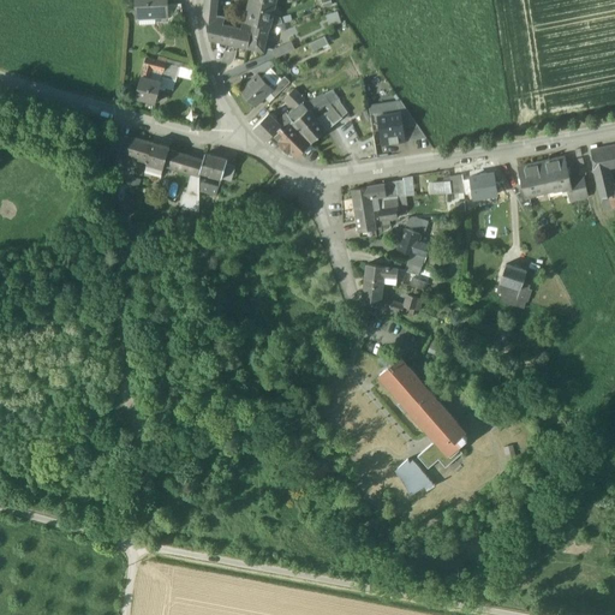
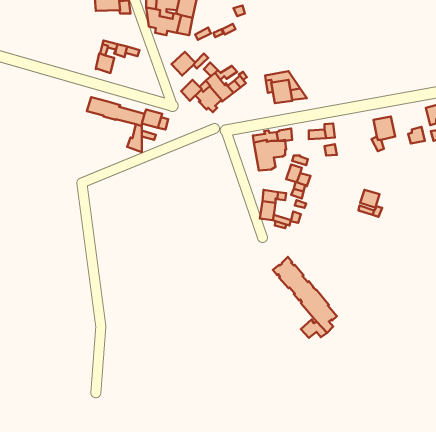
building: [542,157,571,191] -> none
building: [470,172,498,201] -> none
building: [398,459,435,494] -> none

